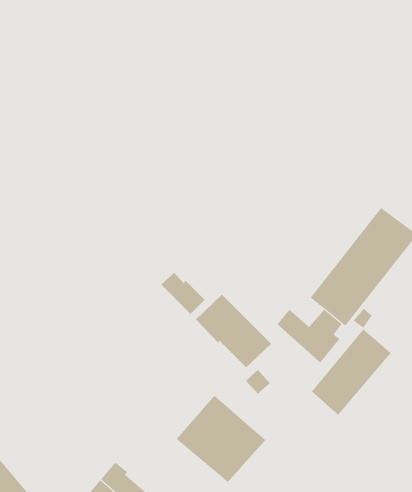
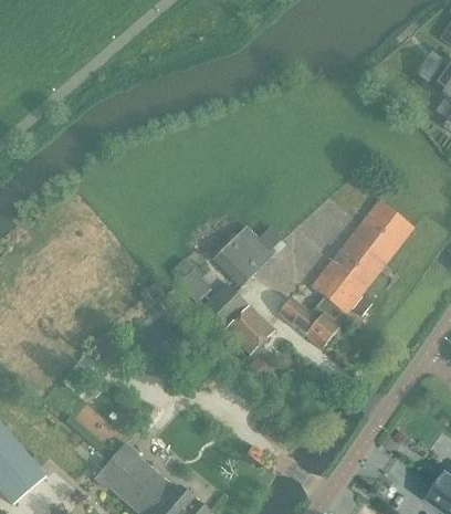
building: none -> [212,224,274,285]
building: [311,329,392,416] -> none
building: [176,395,266,483] -> none

